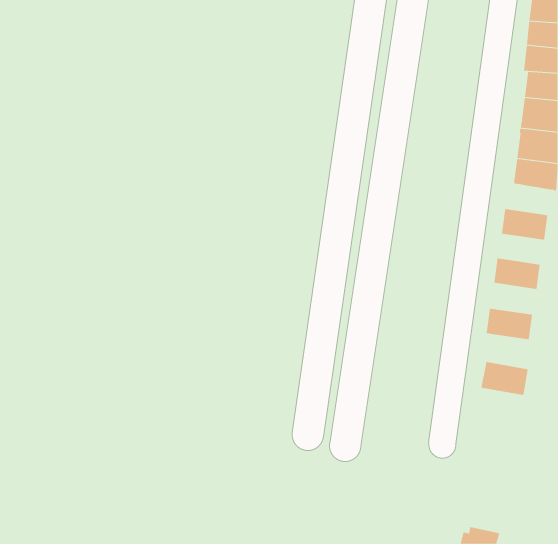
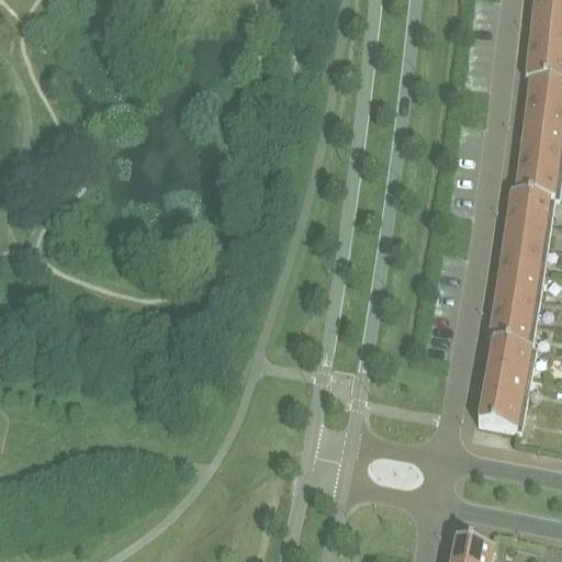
building: none -> [507,184,555,216]
building: none -> [499,235,548,266]
building: none -> [492,284,540,316]
building: none -> [488,336,537,371]
building: none -> [477,390,527,425]

